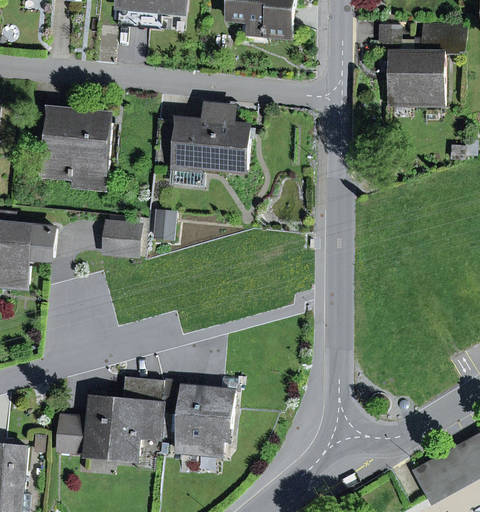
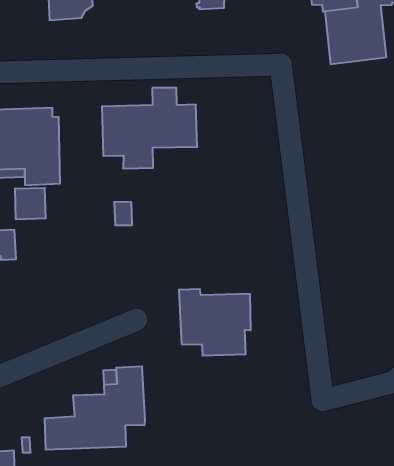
building: [106,222,139,255] -> [15,188,46,219]
building: [160,380,234,452] -> [179,289,251,356]

